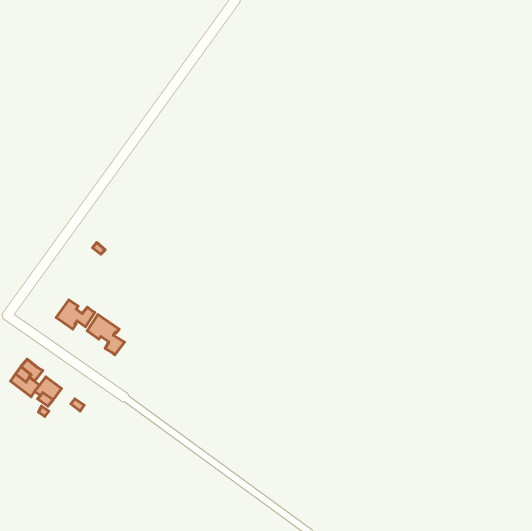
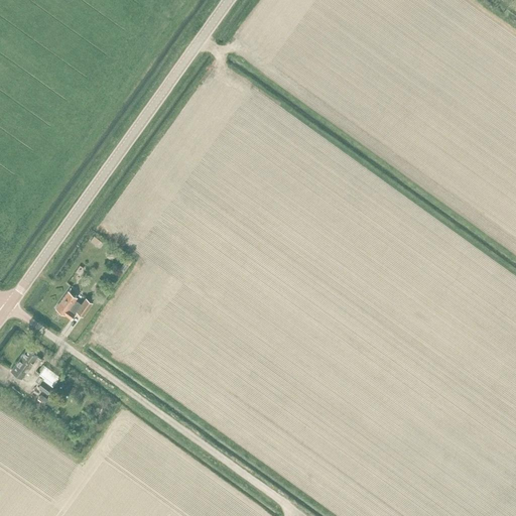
building: [87,314,124,355] -> none

